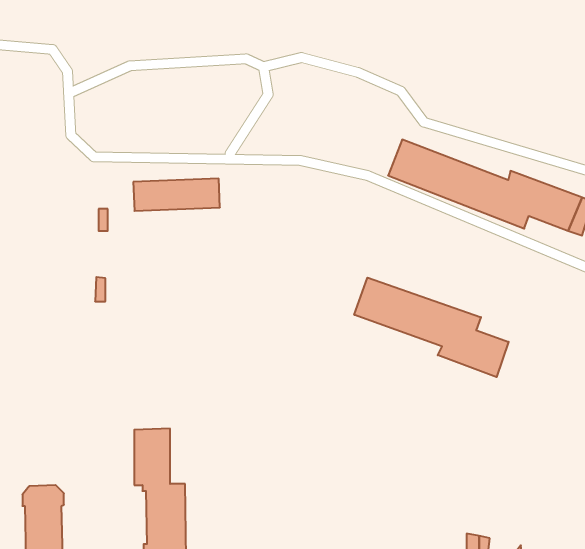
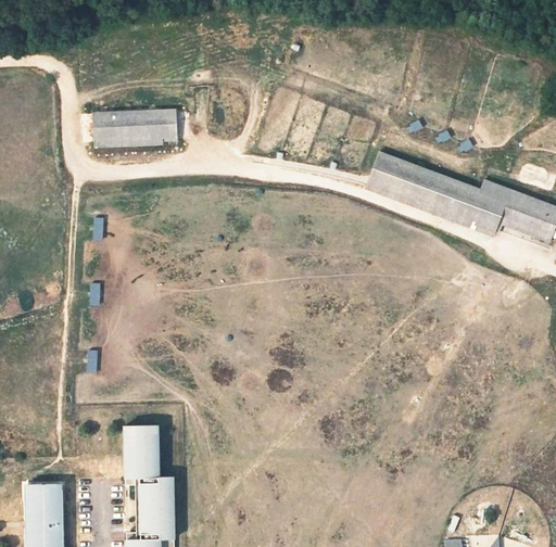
building: [133,179,220,211] -> [93,113,175,143]
building: [354,278,509,377] -> none

